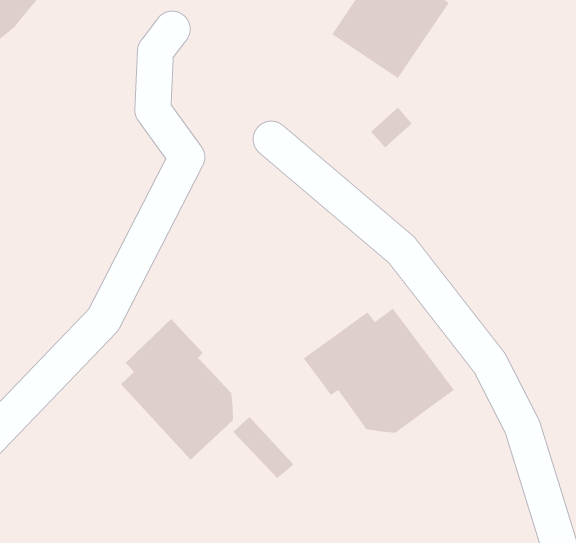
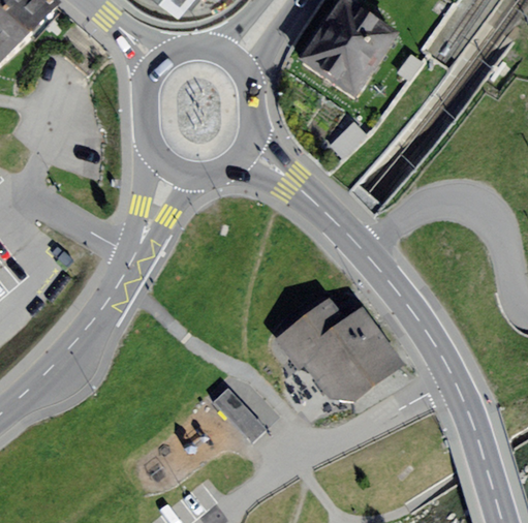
building: [120,318,233,461] -> none

